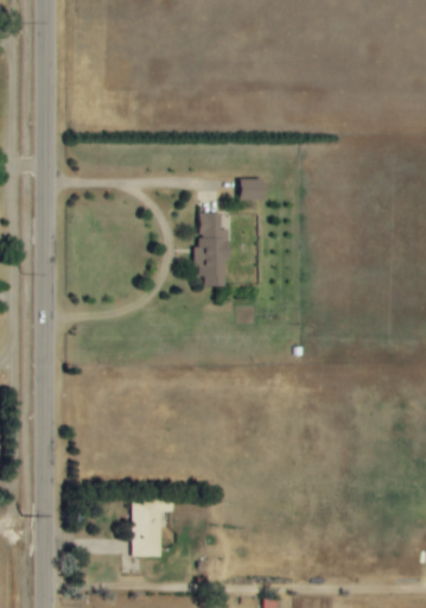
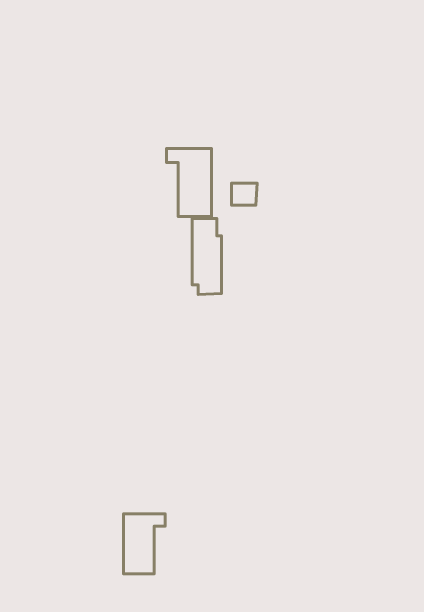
building: none -> [166,148,212,217]

